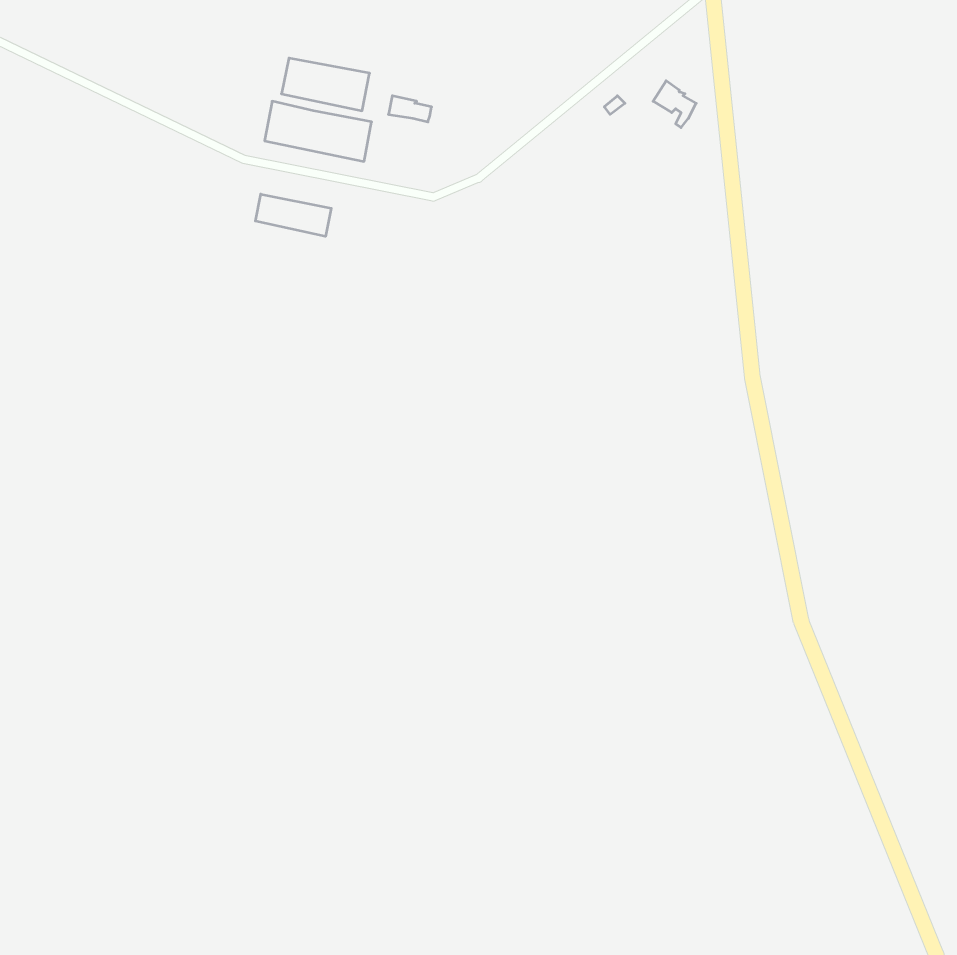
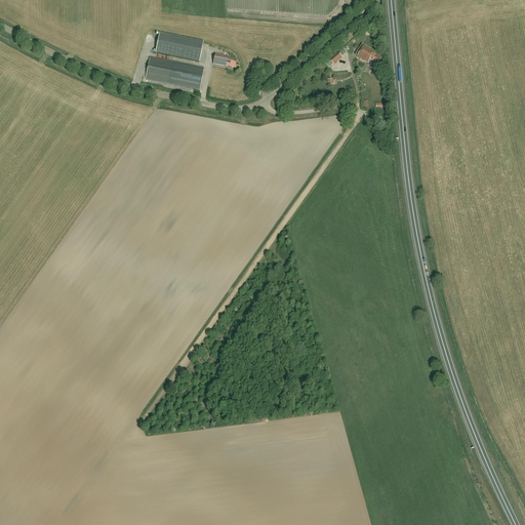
building: [255,194,331,236] -> none

